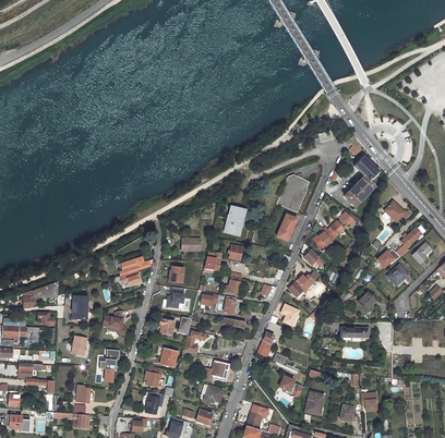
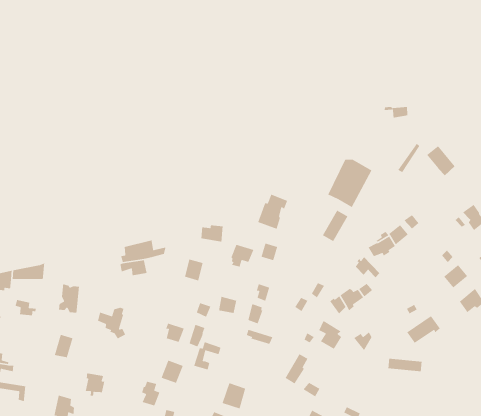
building: [341,175,374,208] -> none

